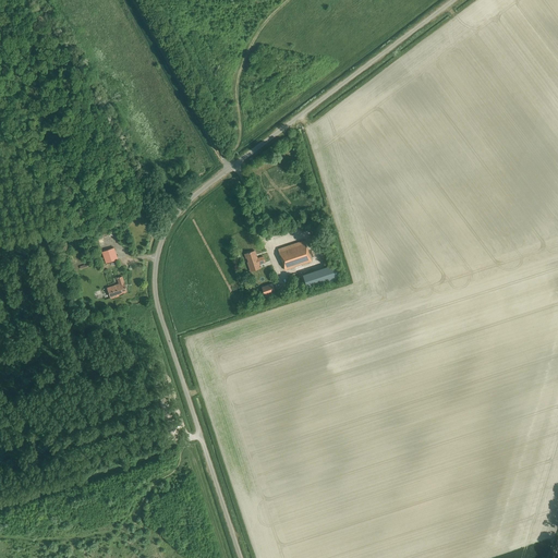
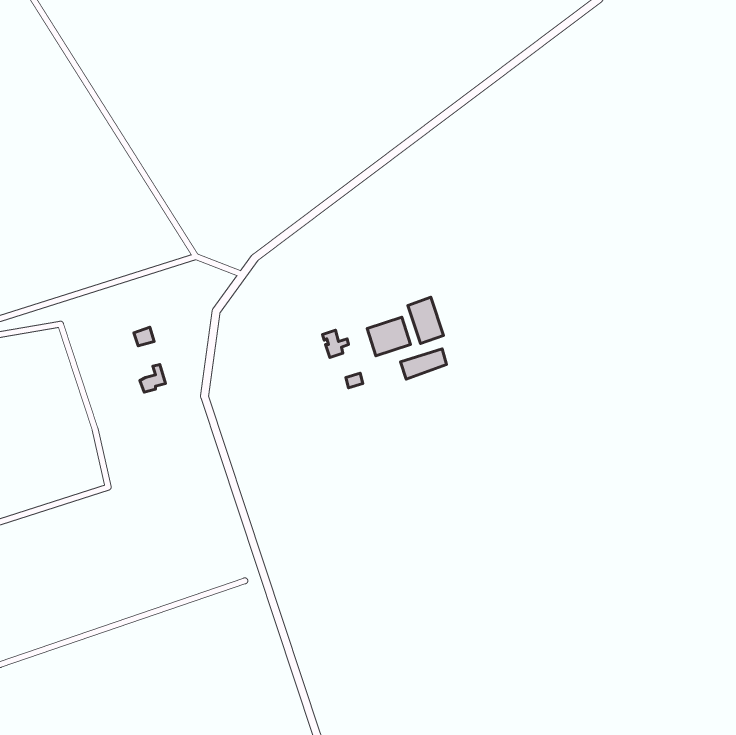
building: none -> [408,297,443,343]

